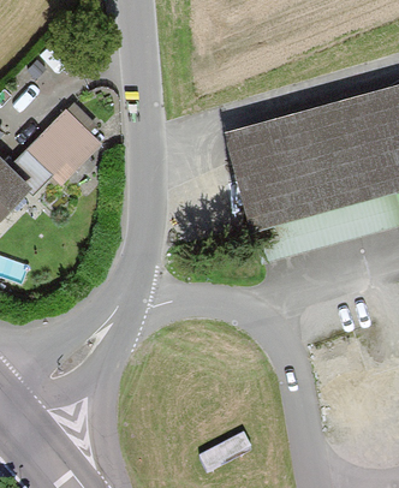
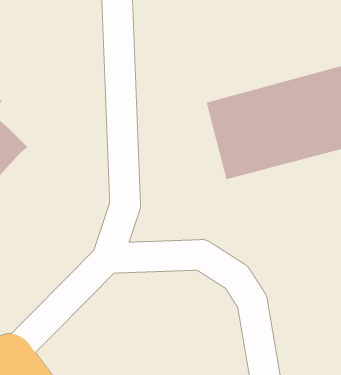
building: [13,106,105,196] -> none

